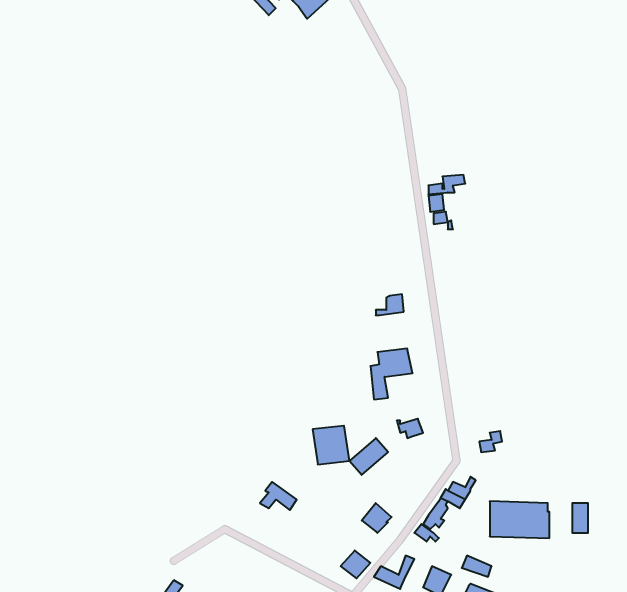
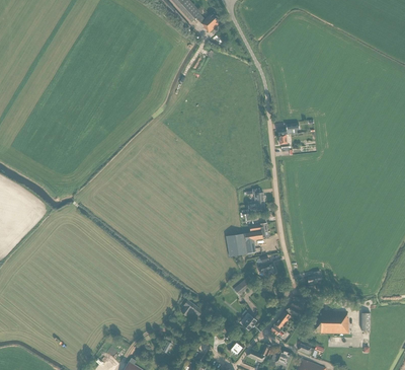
building: [313,426,349,464] -> [226,234,247,256]

